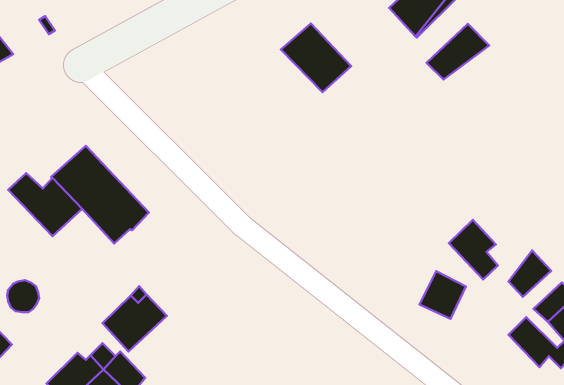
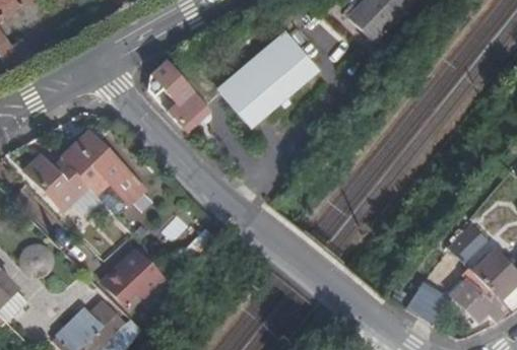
building: [427,24,489,80] -> none
building: none -> [219,51,294,123]
building: none -> [149,63,206,124]
building: [449,220,498,280] -> none
building: [419,271,466,319] -> [403,280,443,321]

